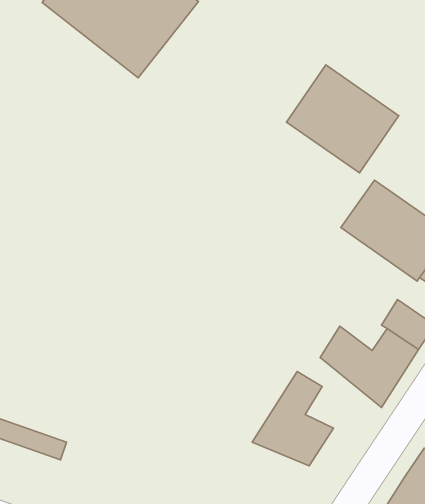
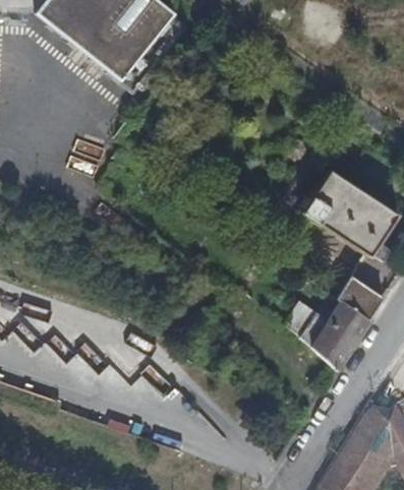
building: [286,65,399,173] -> none
building: [252,372,334,466] -> none

